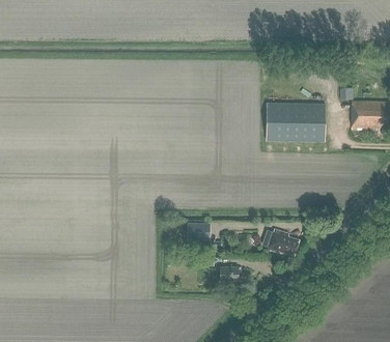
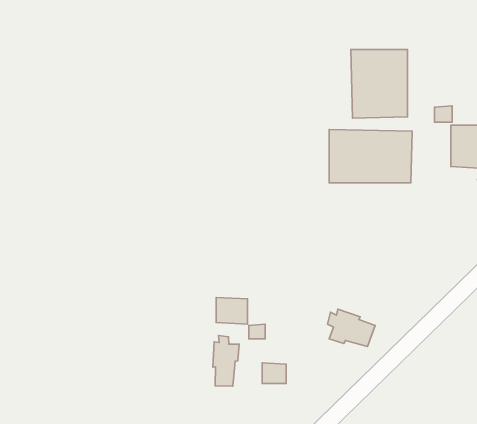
building: none -> [351,50,408,118]
building: none -> [213,335,239,386]

